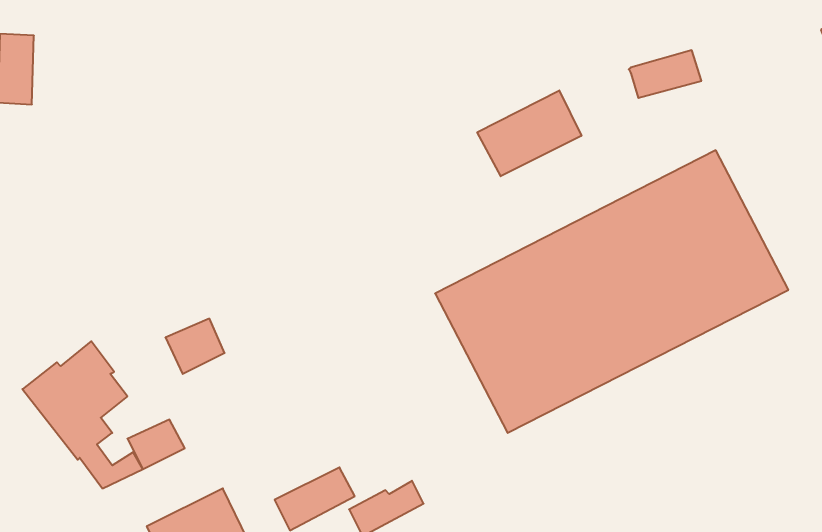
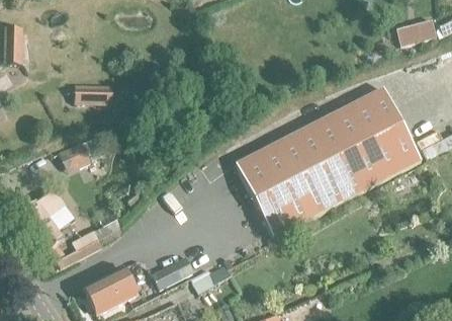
building: [629,50,701,98] -> [398,18,437,44]
building: [477,90,581,176] -> none
building: none -> [76,86,112,104]
building: [165,319,225,374] -> [59,142,90,171]

